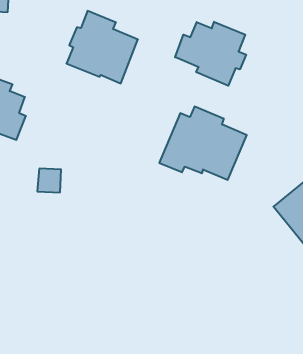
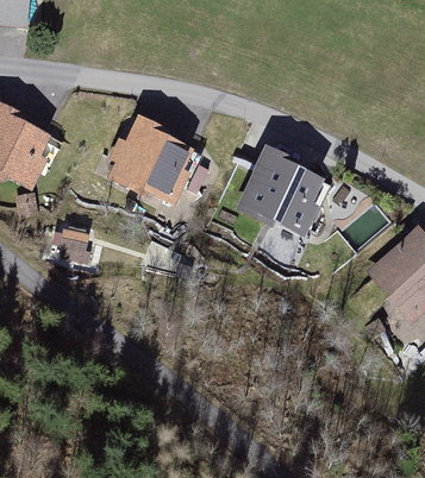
building: [66,11,138,83] -> [110,114,199,205]
building: [175,22,246,86] -> none

